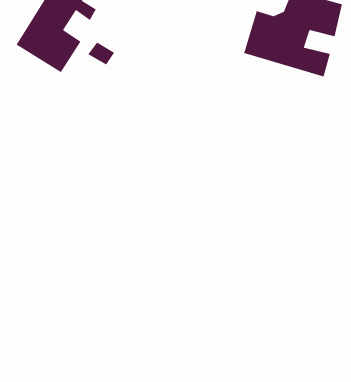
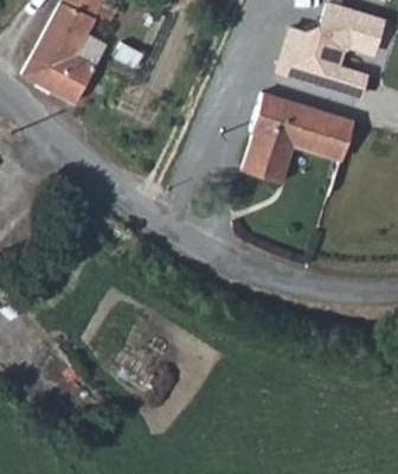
building: none -> [243,87,353,179]

